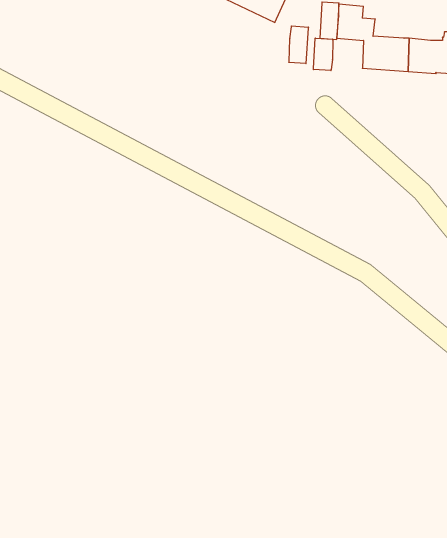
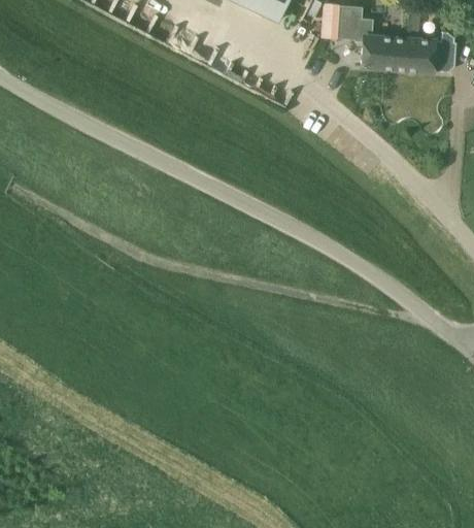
building: [289,26,308,64] -> none
building: [313,38,333,71] -> none

